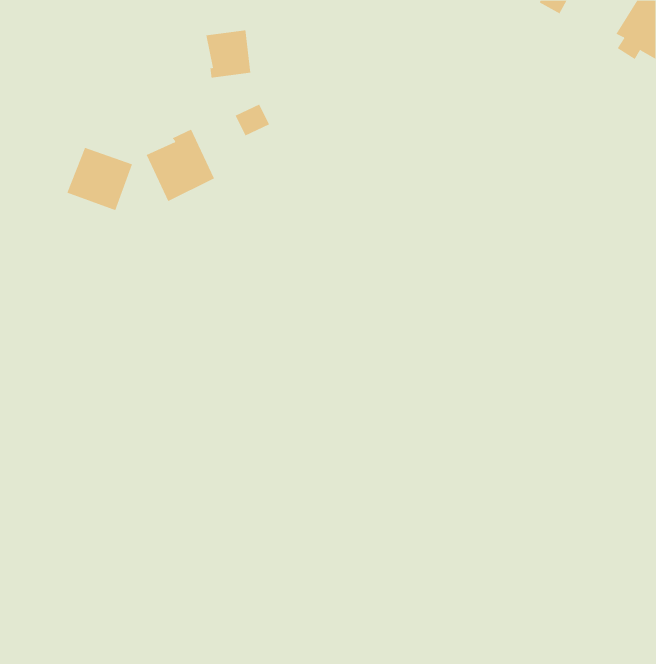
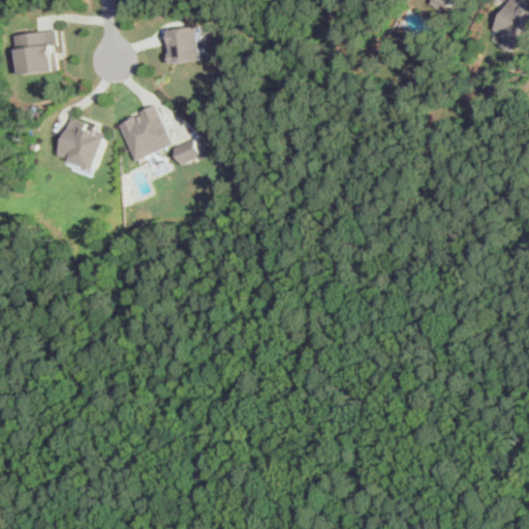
building: none -> [11,28,54,74]
building: [235,104,270,136] -> [170,138,198,164]

